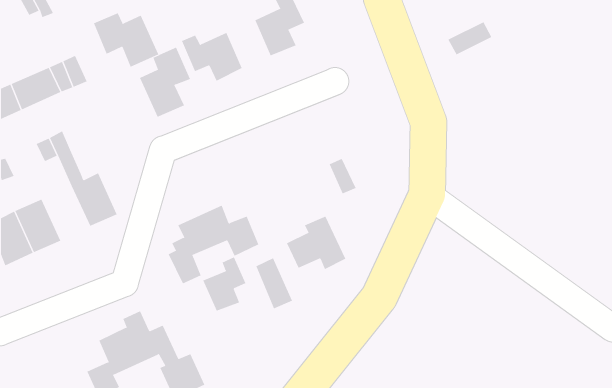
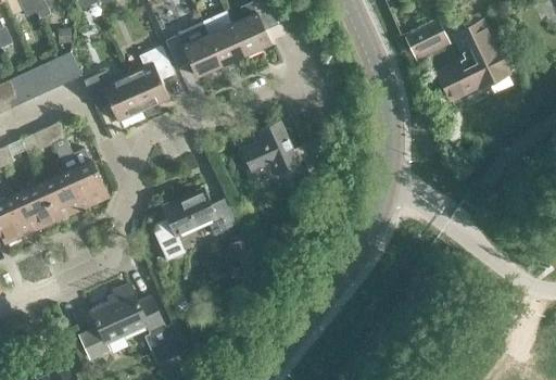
building: none -> [201,10,245,65]
building: [93,12,159,68] -> [84,72,143,122]
building: none -> [438,21,508,100]
building: none -> [39,172,83,221]
building: [286,216,346,270] -> [242,124,296,173]
building: [203,256,246,312] -> none

